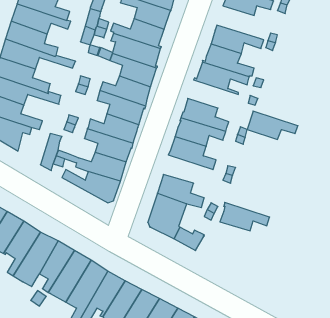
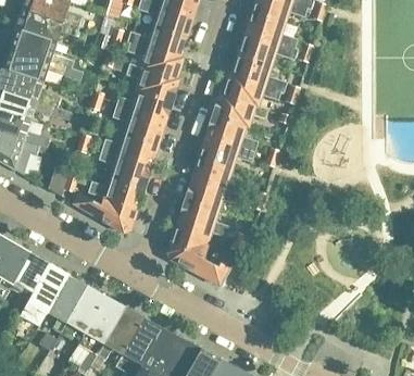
building: none -> [243,12,298,49]
building: [247,111,298,139] -> [212,95,268,126]
building: [220,202,270,231] -> [185,178,240,210]

